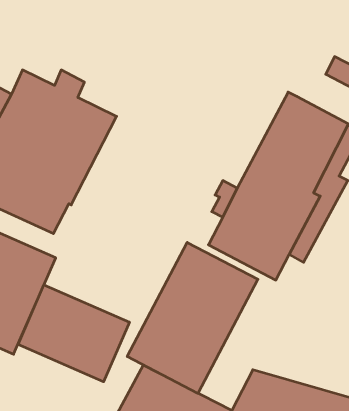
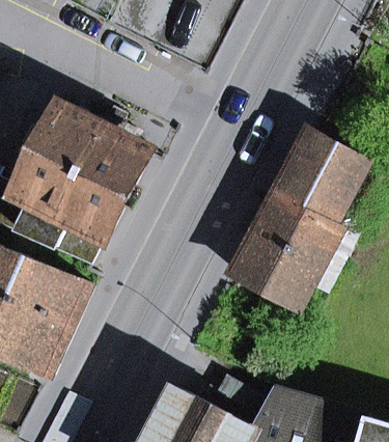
building: [127,242,258,393] -> none
building: [18,285,129,382] -> none

